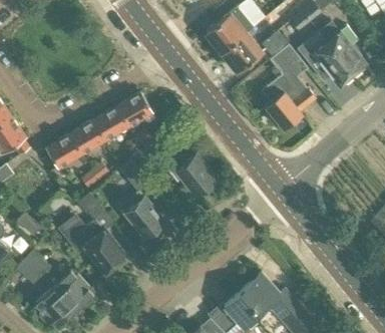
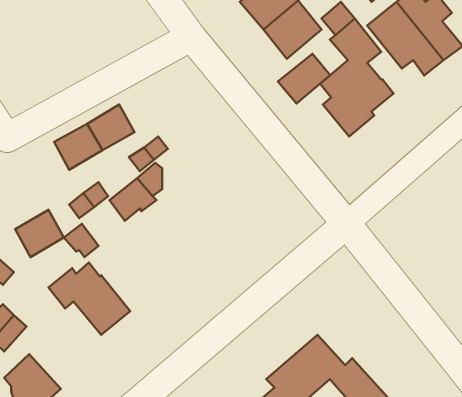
building: none -> [278,54,330,103]
building: [117,92,152,126] -> none
building: [46,133,81,168] -> [15,210,64,257]
building: [169,154,216,196] -> none
building: [123,191,163,238] -> none
building: [52,270,93,312] -> none

